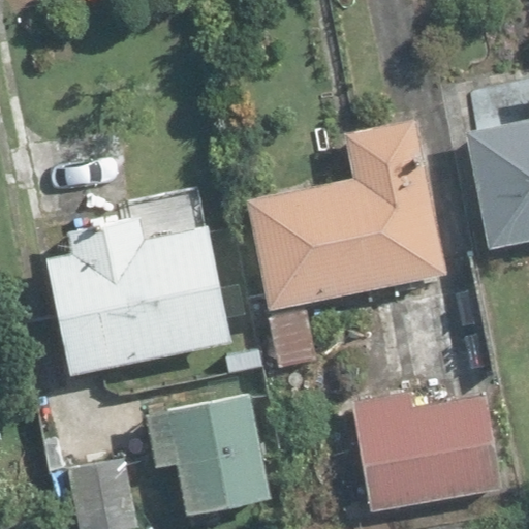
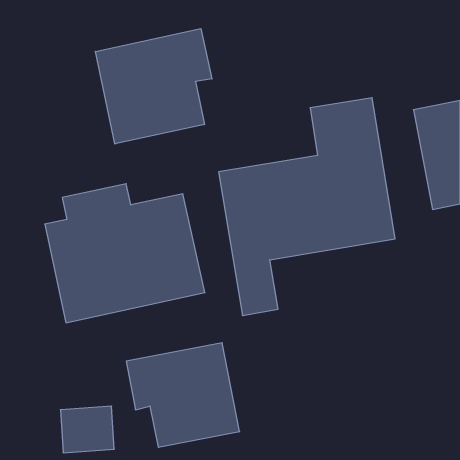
building: none -> [95,29,212,144]
building: [352,392,497,512] -> none

